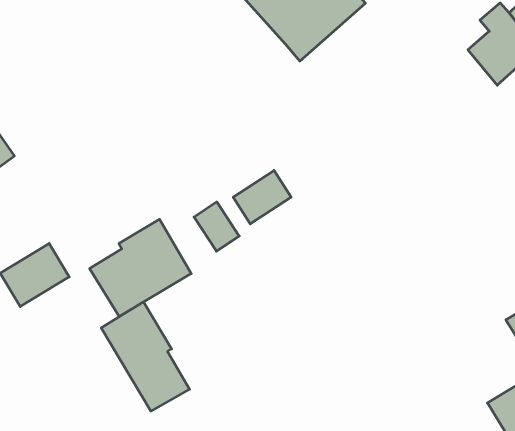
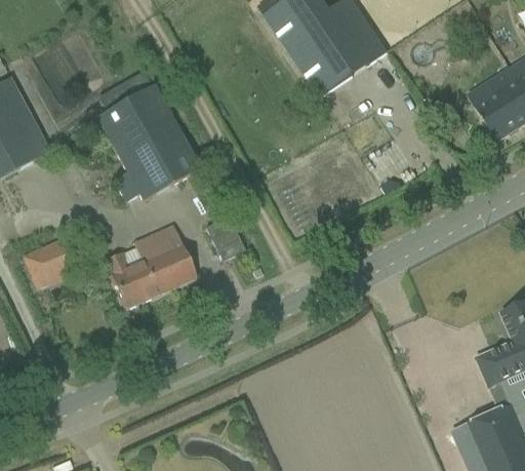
building: none -> [97,68,200,200]
building: [233,170,291,224] -> none
building: [101,302,190,411] -> none

